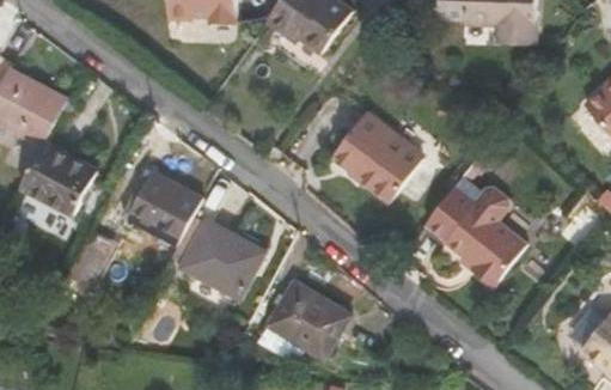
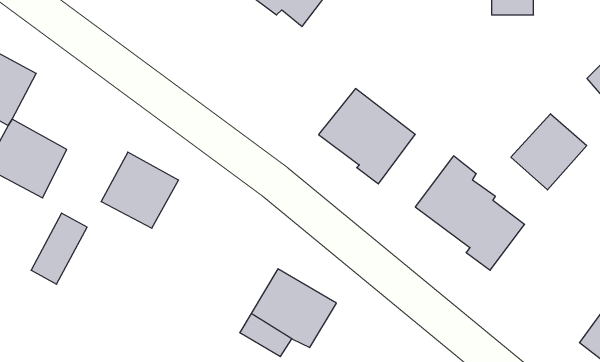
building: none -> [511,114,587,190]
building: [182,221,262,297] -> none

